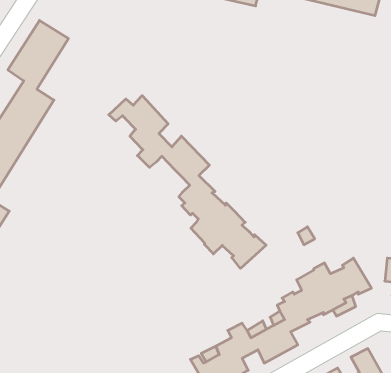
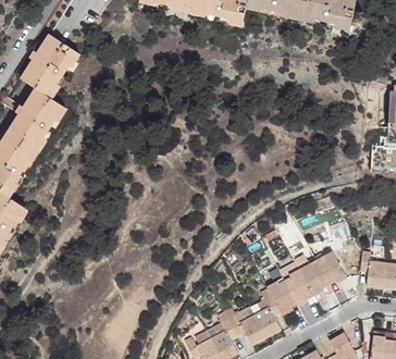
building: [109,96,266,268] -> none

